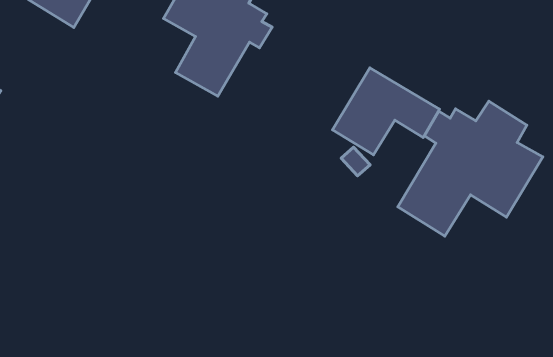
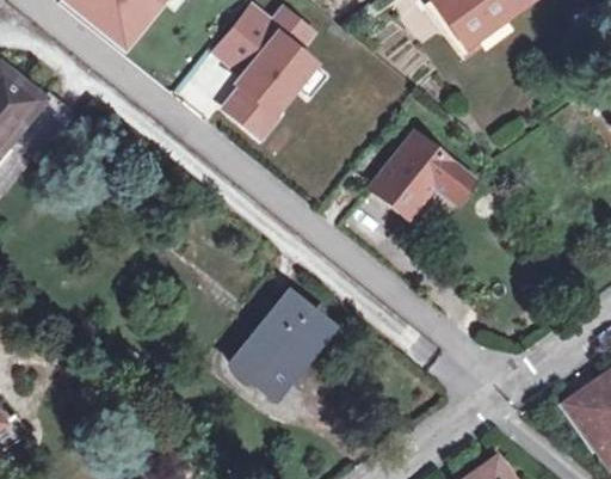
building: [398,101,543,236] -> none
building: none -> [226,289,326,394]

